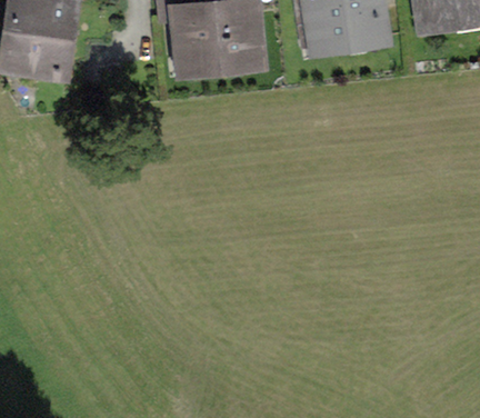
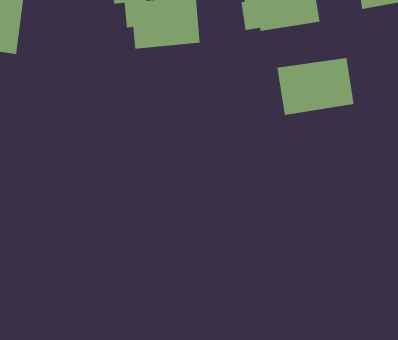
building: none -> [277,57,355,116]

